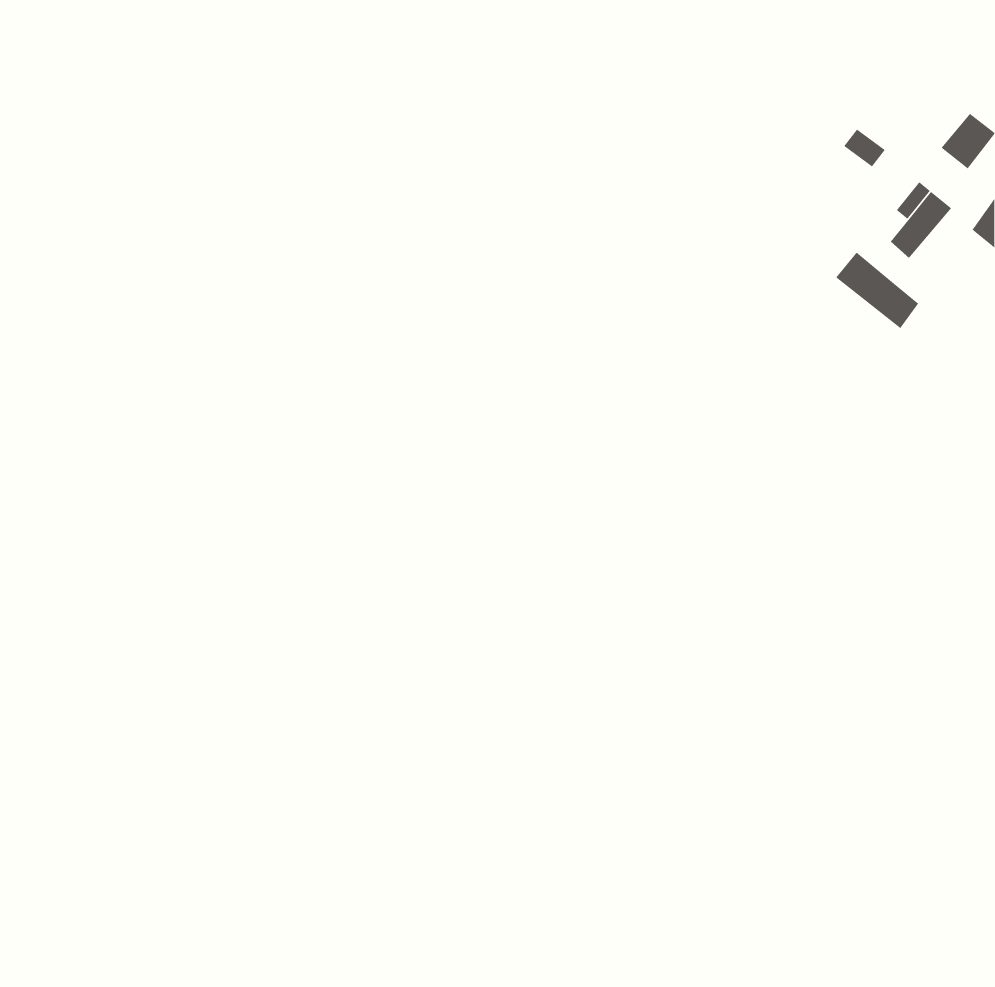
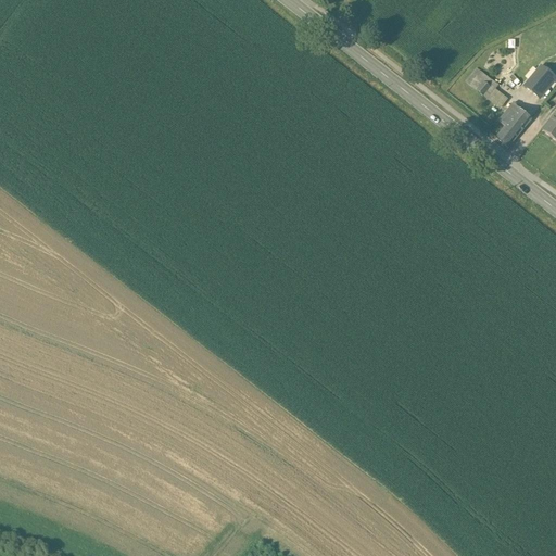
building: [835,252,919,329] -> none

